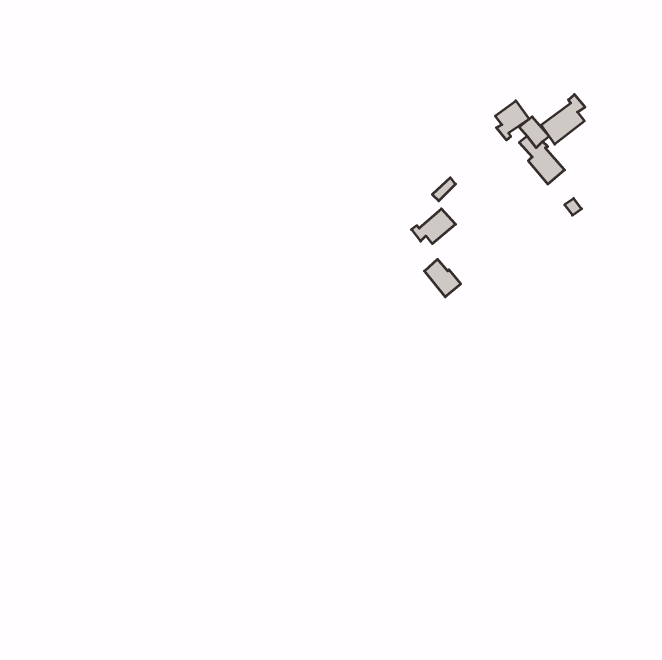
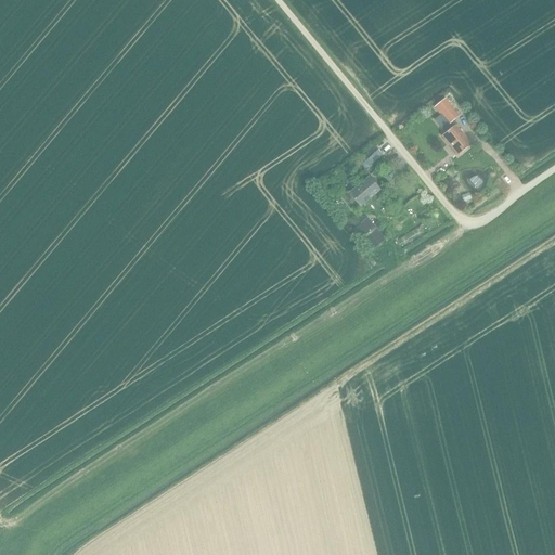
building: [541,94,585,144] -> none
building: [495,101,529,140] -> none

